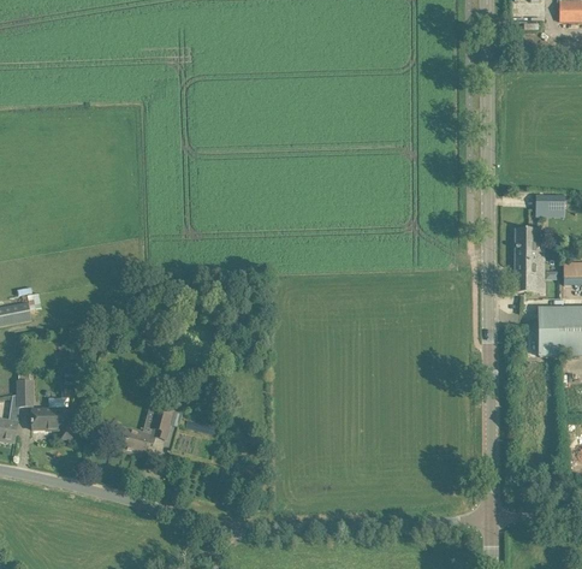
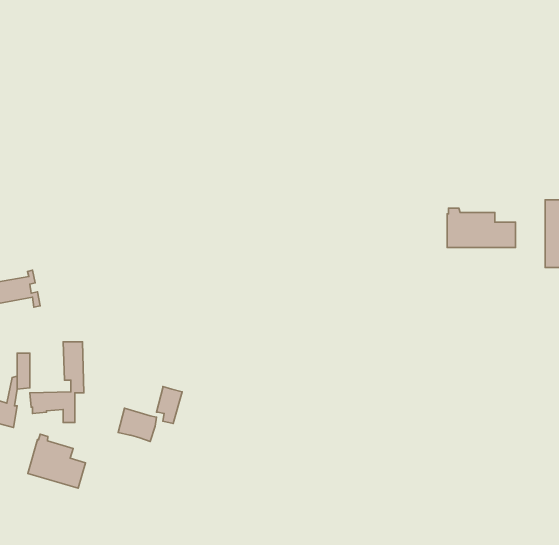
building: none -> [447,208,516,248]
building: none -> [28,434,85,488]

